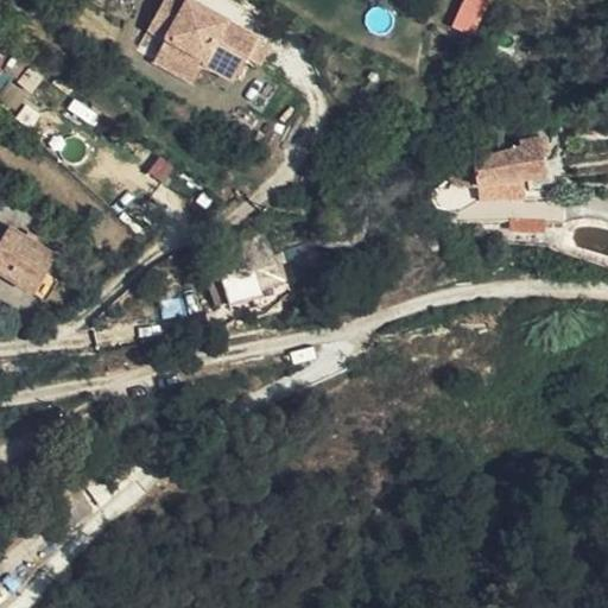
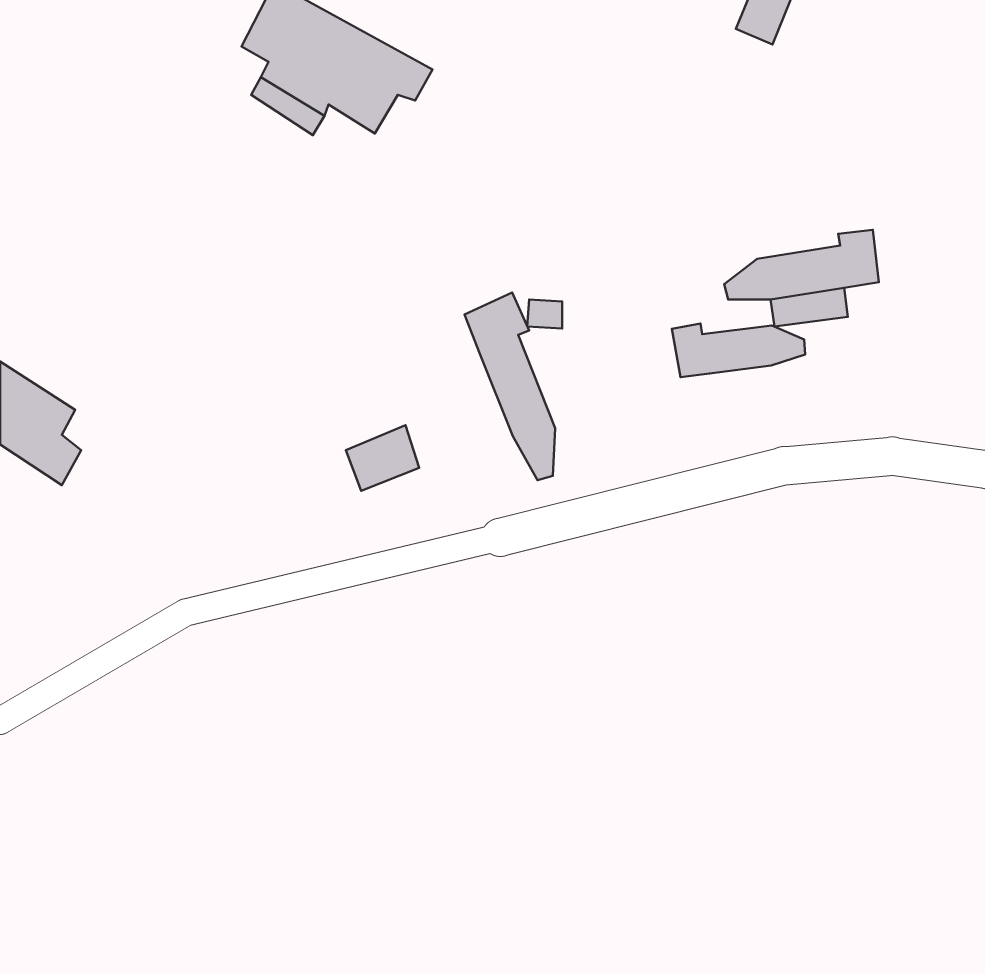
building: none -> [465,293,555,480]
building: none -> [672,323,805,377]

